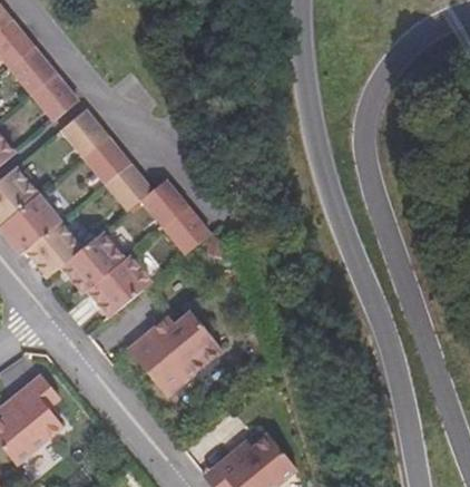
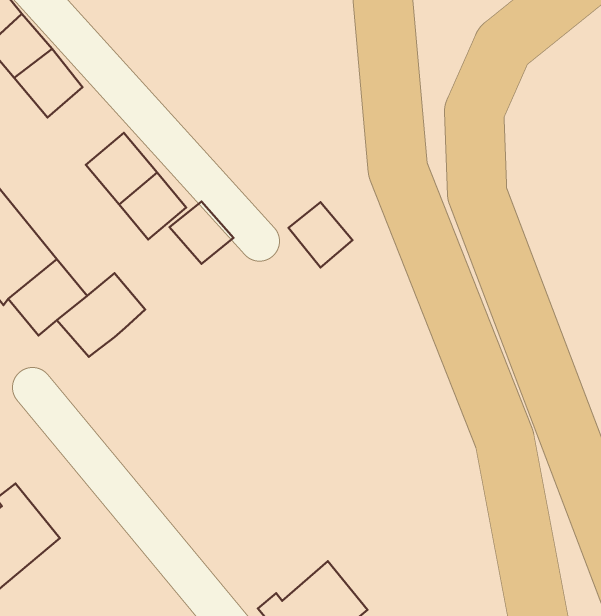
building: [59,104,107,152] -> none
building: [164,205,210,253] -> [288,202,352,268]
building: [86,254,151,316] -> none
building: [128,306,223,393] -> none

